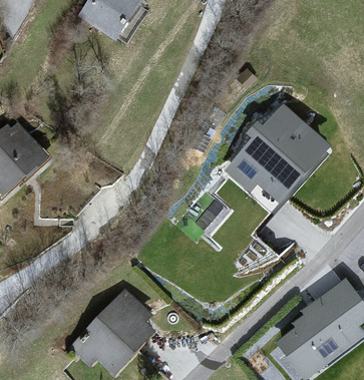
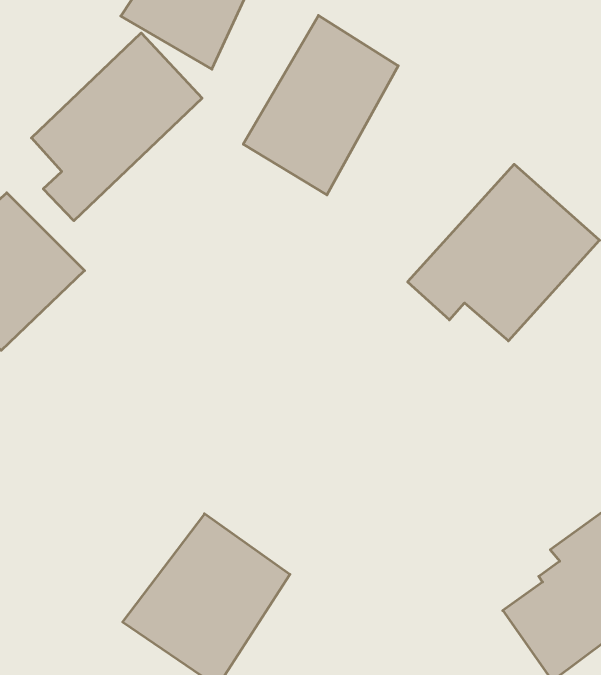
building: none -> [243,15,398,195]
building: none -> [31,33,202,221]

